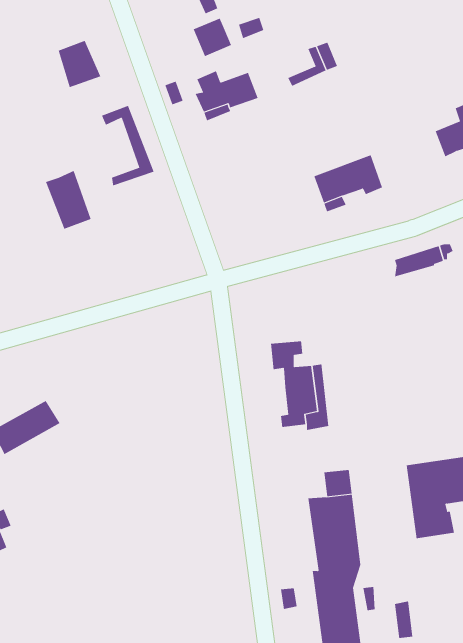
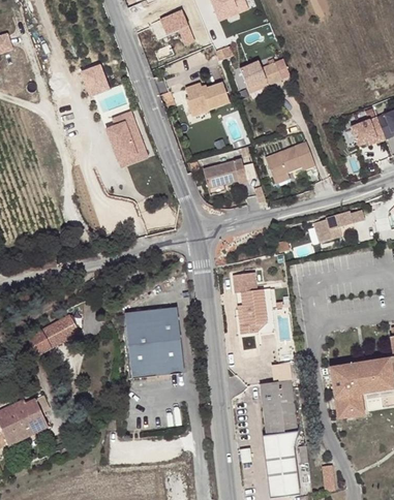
building: [193,18,232,57] -> [237,61,265,89]
building: [45,170,91,229] -> [105,118,139,160]
building: none -> [203,157,247,186]
building: none -> [128,307,191,382]

